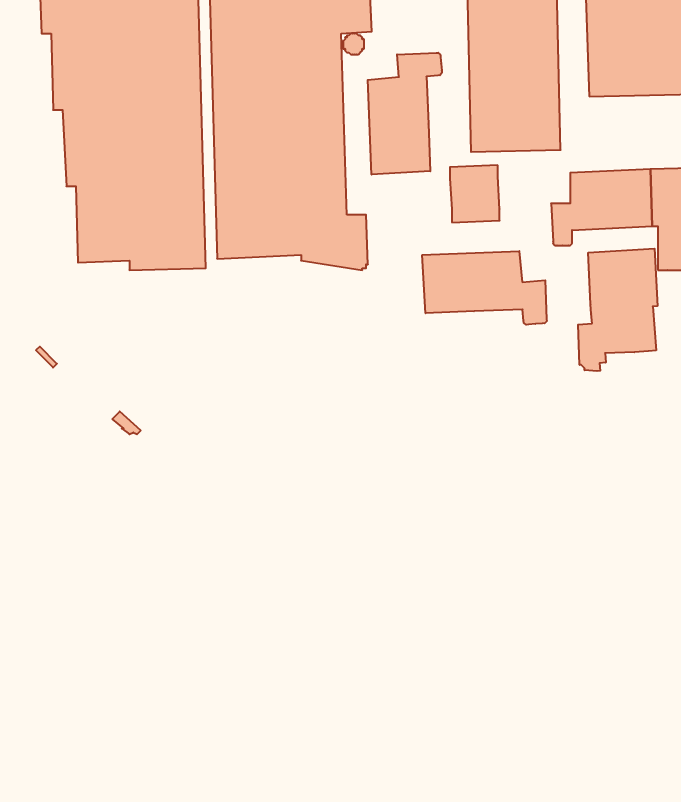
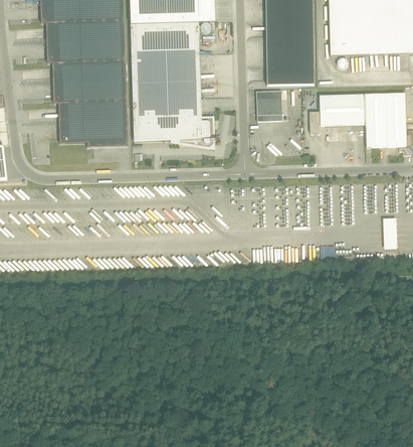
building: [368,53,442,175] -> none
building: [578,249,657,371] -> none
building: [422,251,547,325] -> none

